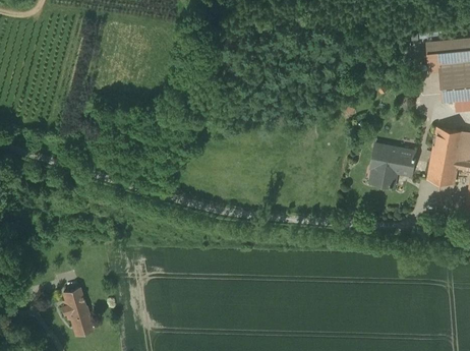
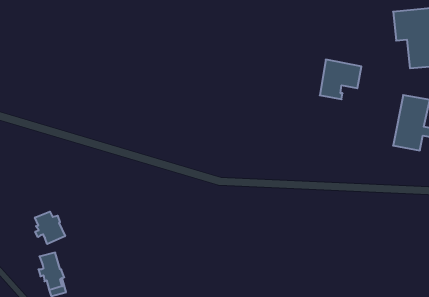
building: [373,145,416,186] -> [320,60,361,99]
building: none -> [35,212,65,244]

